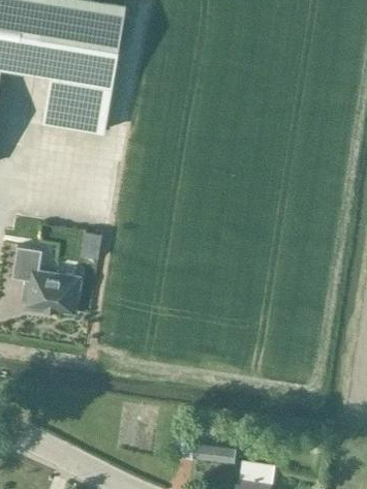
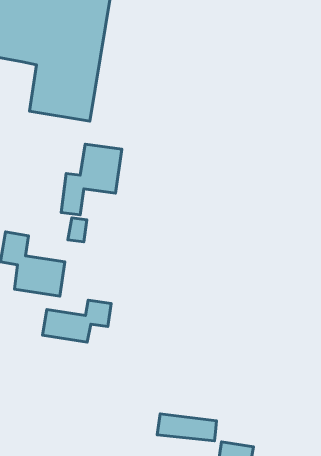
building: none -> [61,144,122,215]
building: none -> [42,300,111,342]

